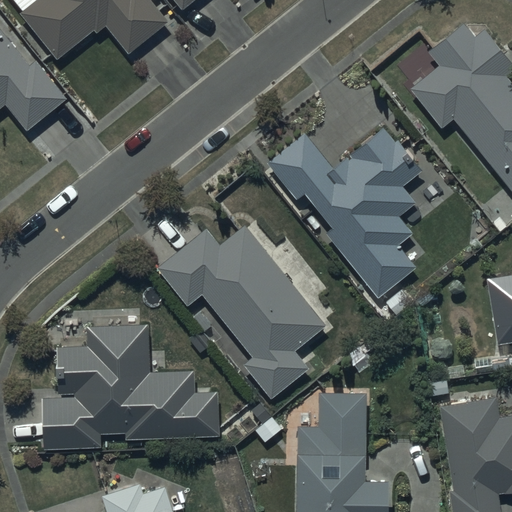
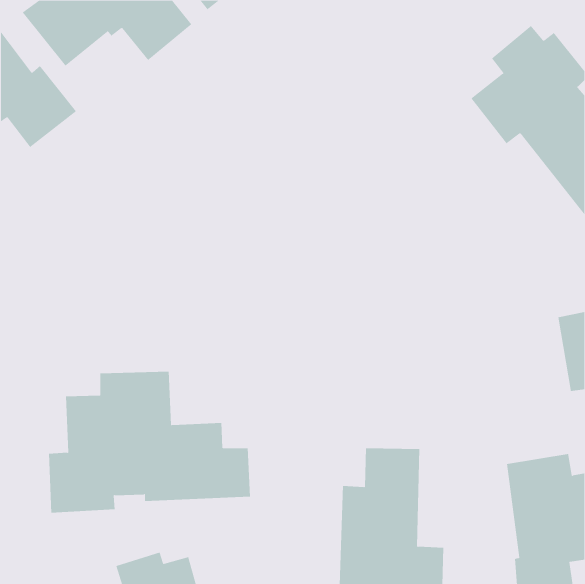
building: [267,127,422,297] -> none
building: [157,225,325,398] -> none

